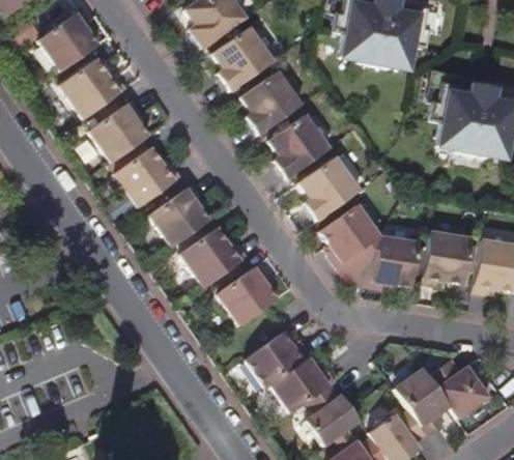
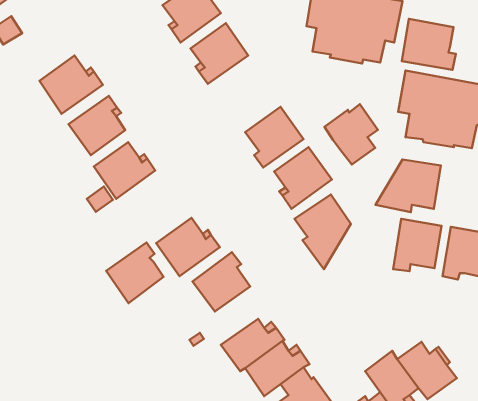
building: [40,16,97,75] -> none
building: none -> [402,19,456,70]
building: [244,73,303,135] -> none
building: none -> [324,104,378,165]
building: [150,186,209,249] -> [106,243,164,303]
building: [352,235,420,289] -> [375,160,441,212]

